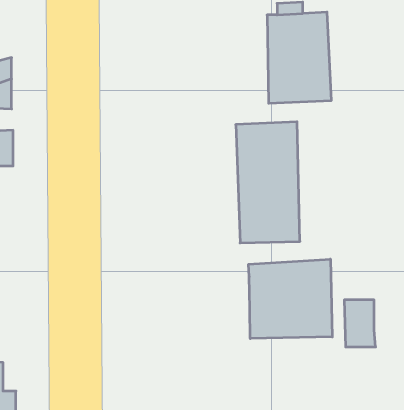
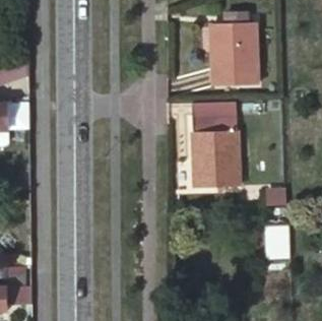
building: [249,259,332,339] -> none

